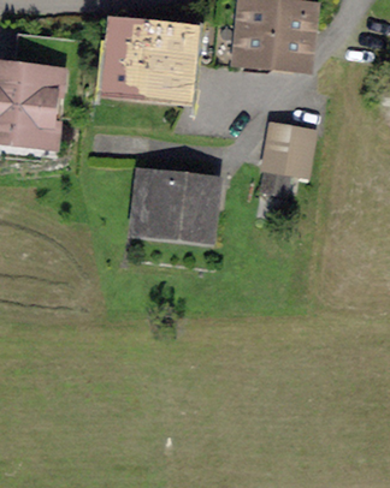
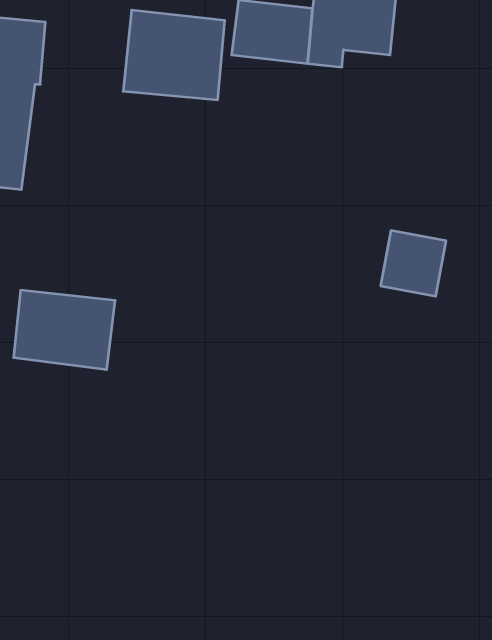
building: [266,127,312,173] -> [381,231,446,296]
building: [140,178,211,233] -> [14,290,115,370]

